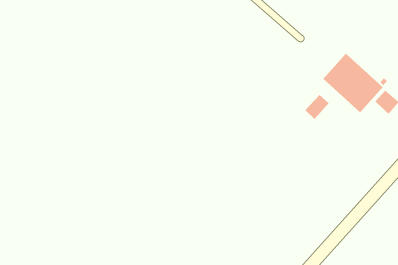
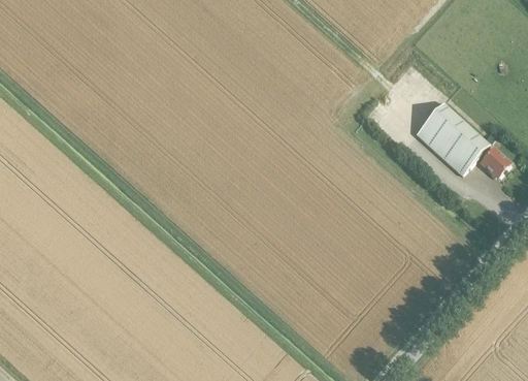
building: [305,94,330,120] -> none

